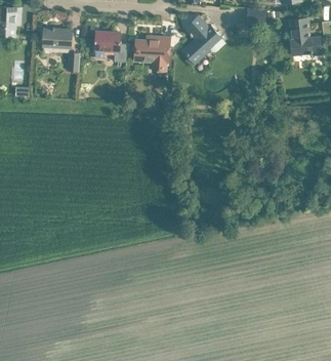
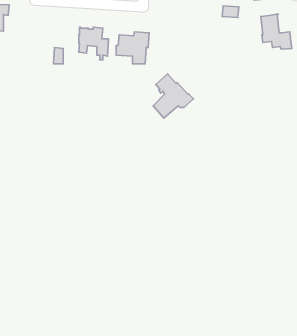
building: [182,15,225,63] -> [153,74,194,118]
building: [42,27,71,47] -> none

